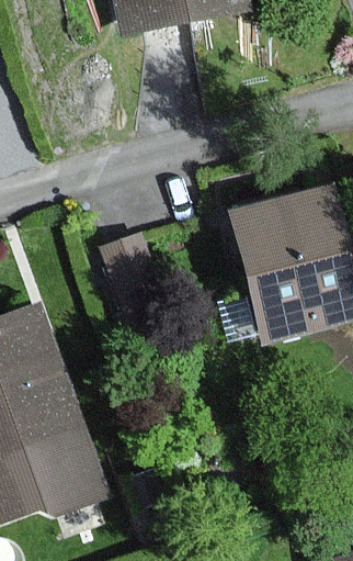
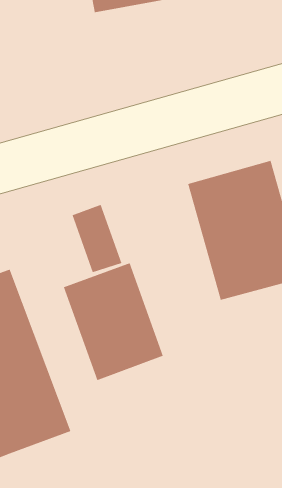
building: none -> [63,262,164,381]

